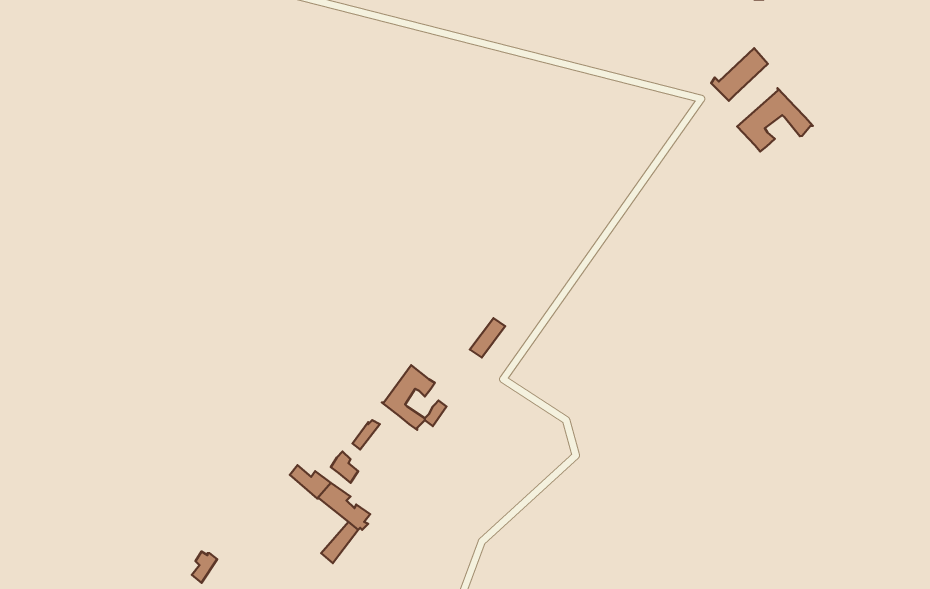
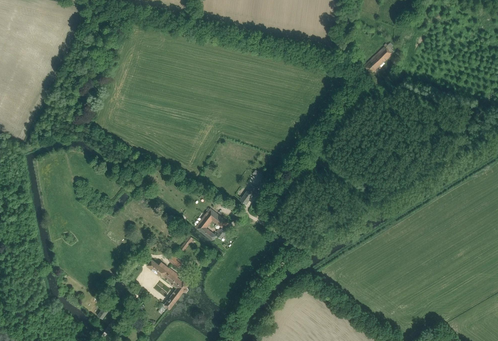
building: [737,88,813,152] -> none

